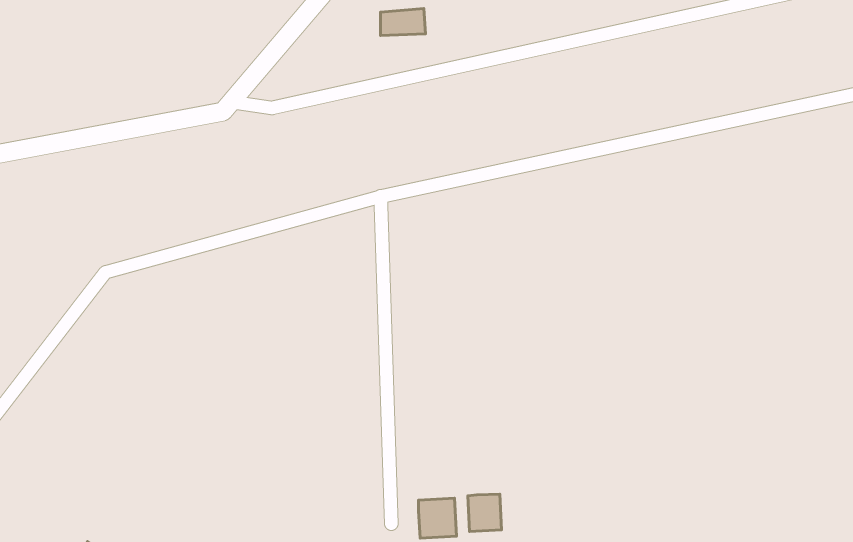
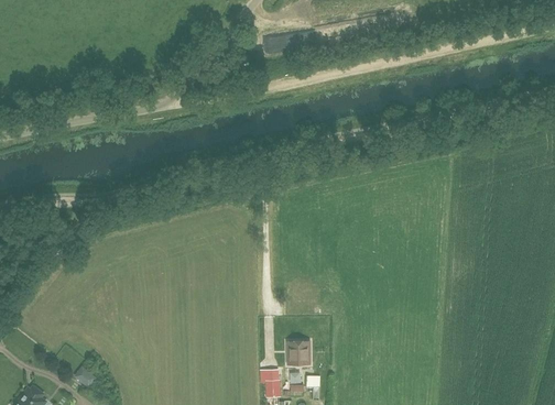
building: [468,494,502,532] -> none

